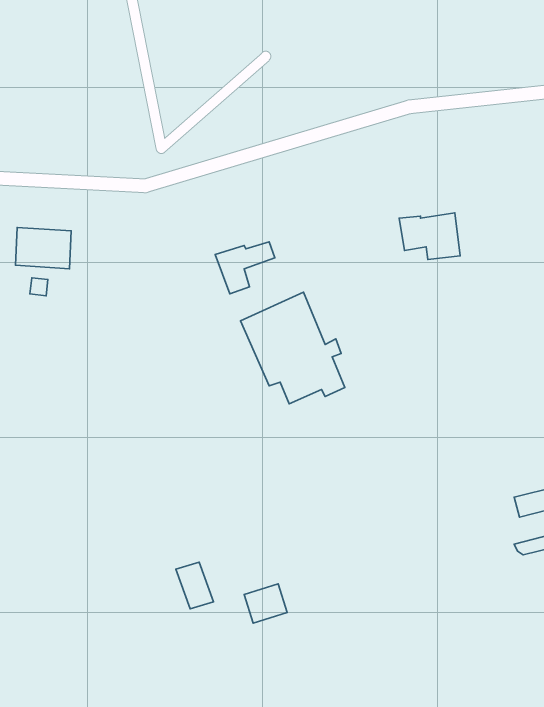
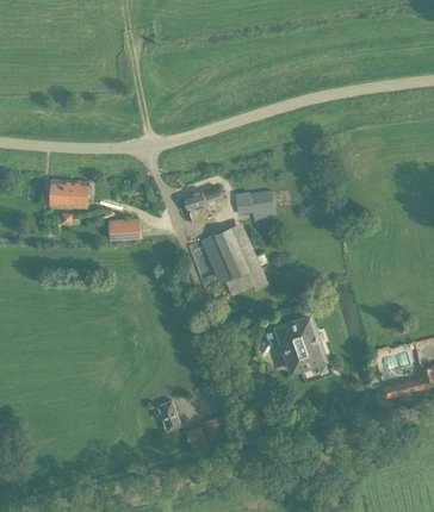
building: [399,213,460,259] -> [234,189,274,220]
building: none -> [107,217,140,239]
building: none -> [278,319,322,369]

